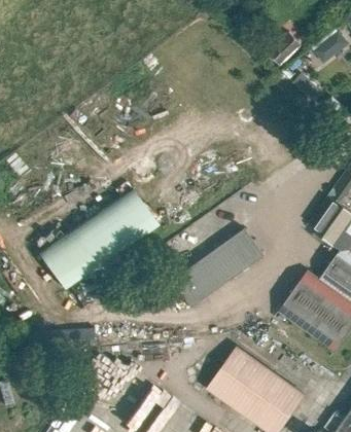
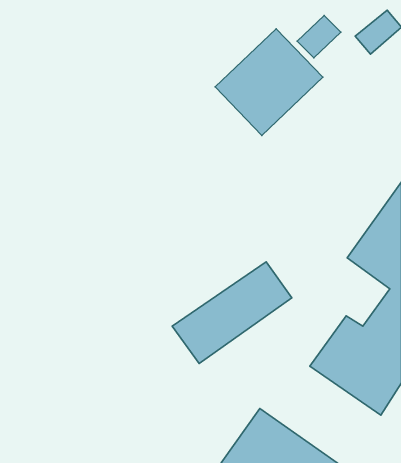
building: none -> [215,29,323,135]
building: [42,187,162,289] -> none

